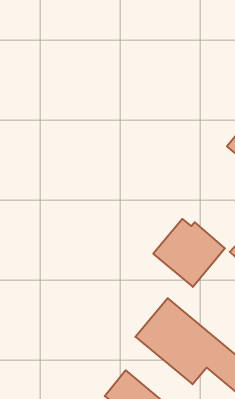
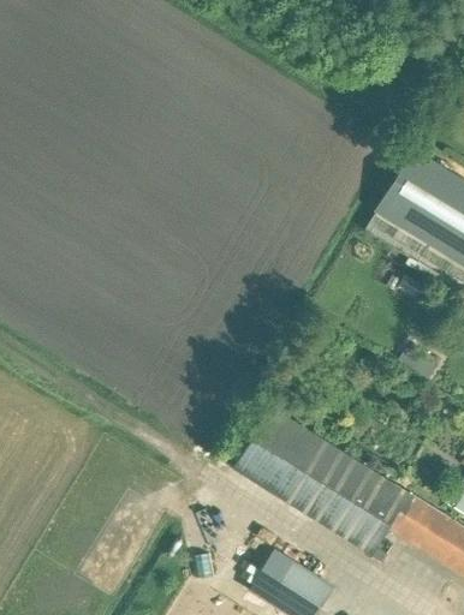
building: [153,219,225,287] -> [220,405,321,500]

